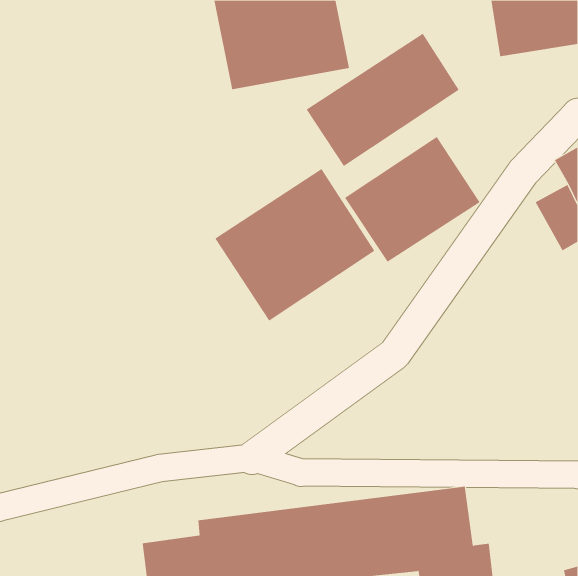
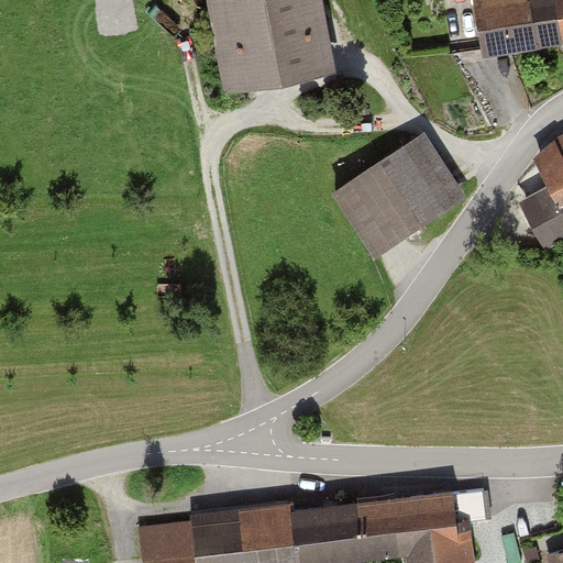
building: [306,33,459,167] -> none
building: [215,168,375,321] -> none

